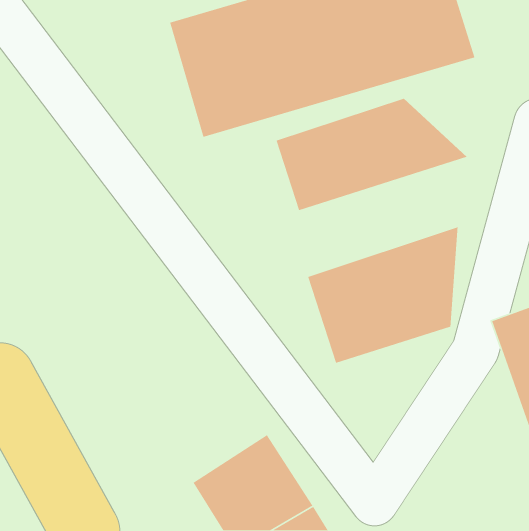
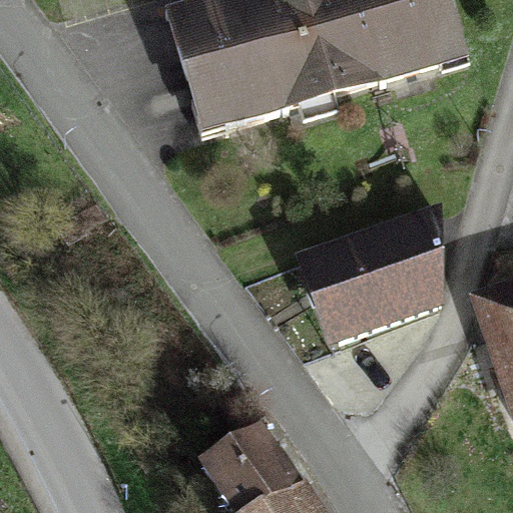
building: [275,98,468,211] -> none

